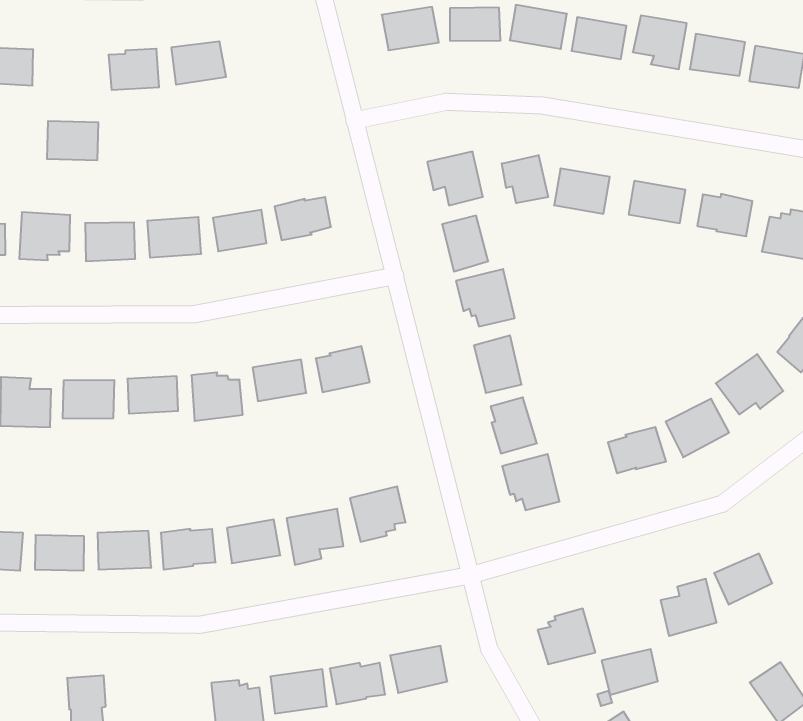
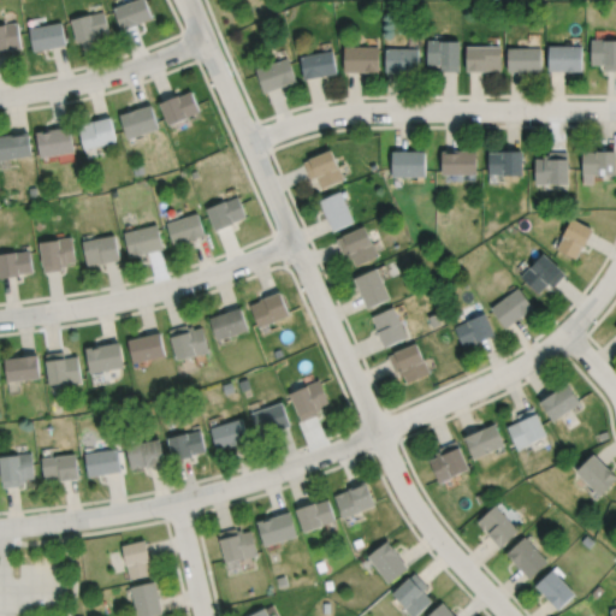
building: none -> [159,93,200,126]
building: [47,121,98,160] -> [36,128,73,158]
building: [502,155,548,203] -> none
building: [602,649,658,695] -> [463,425,503,460]

